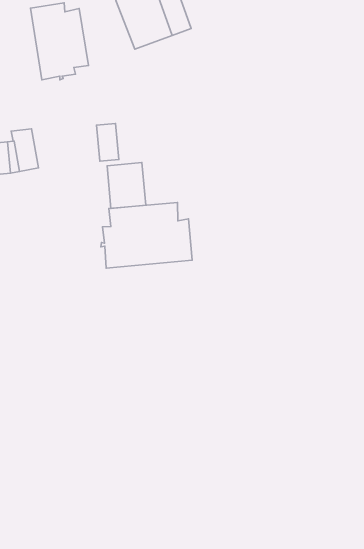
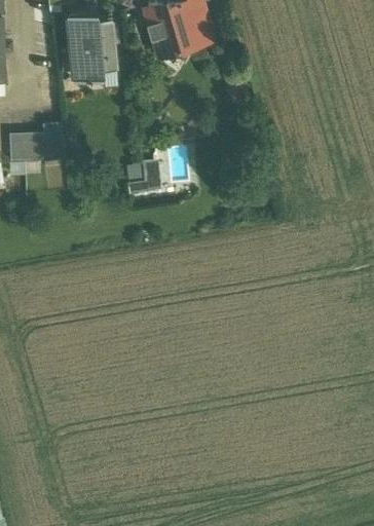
building: [97,124,119,161] -> none
building: [101,203,192,268] -> none

